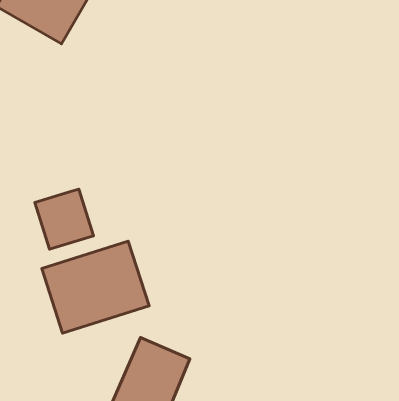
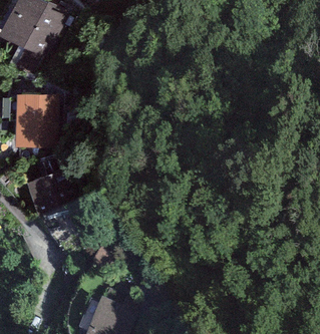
building: none -> [15,93,53,146]
building: [42,241,149,333] -> none

